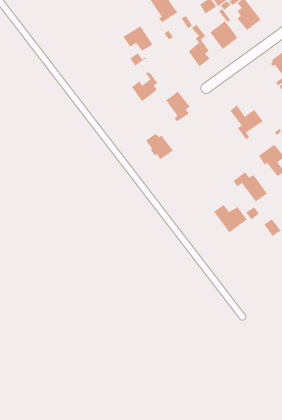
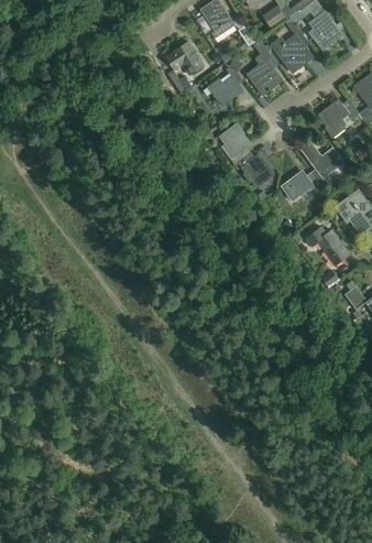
building: none -> [319,99,362,138]
building: [131,72,158,102] -> [209,67,243,106]
building: none -> [283,172,320,200]
building: [145,133,174,160] -> [238,153,274,187]
building: [213,204,248,233] -> none

